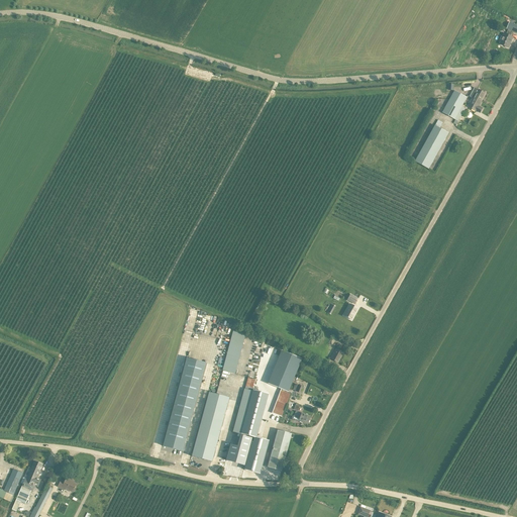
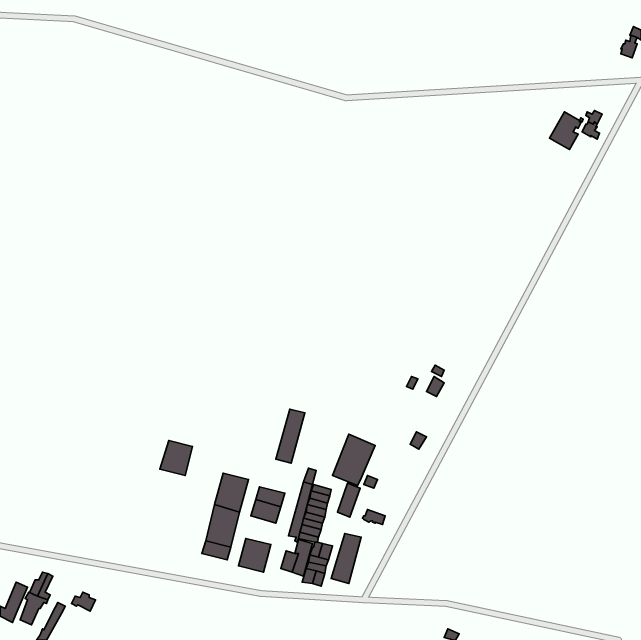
building: [415,119,448,168] -> none
building: [180,357,206,386] -> [160,440,193,476]
building: [198,415,222,438] -> none

